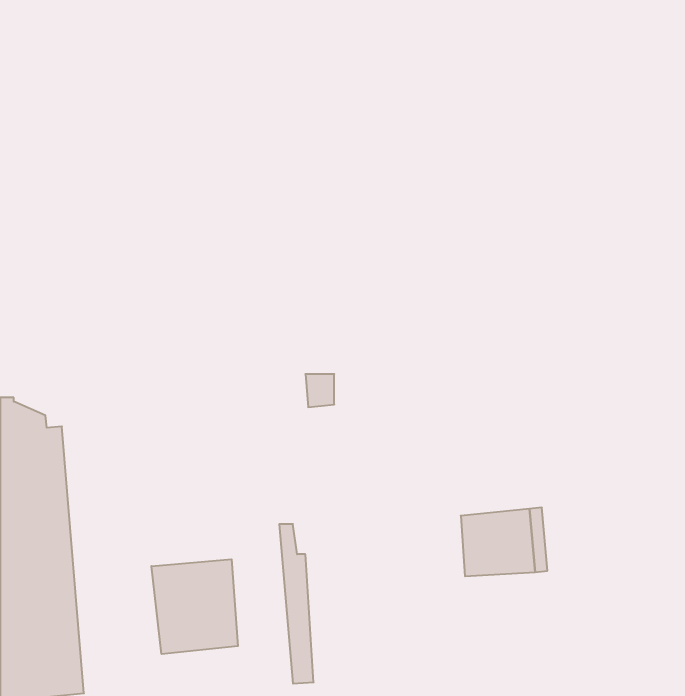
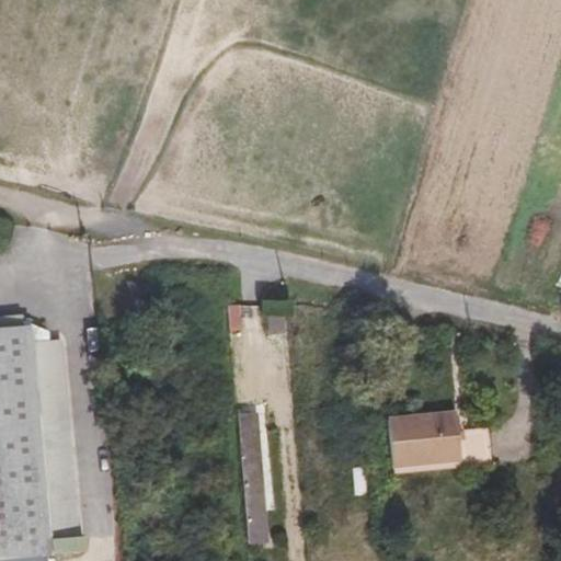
building: [151,559,238,654] -> none

